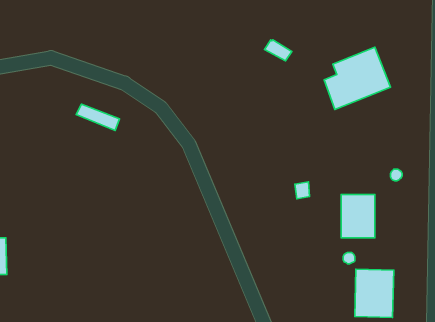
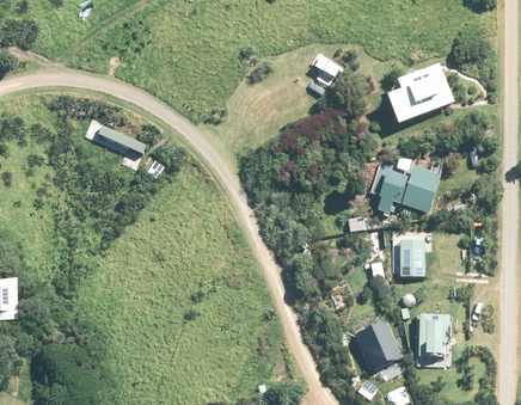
building: none -> [369,158,441,213]
building: none -> [361,320,399,369]

